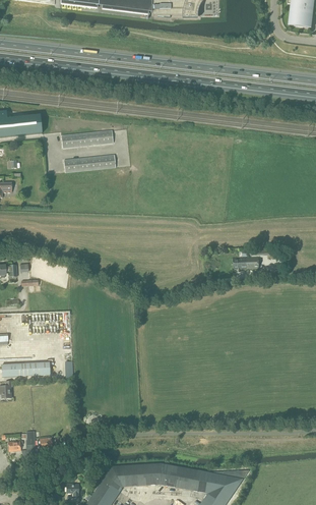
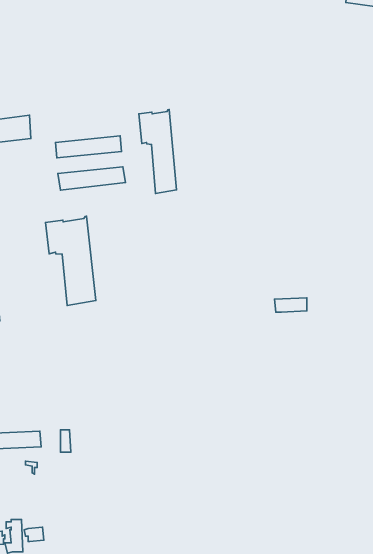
building: none -> [139,110,176,193]
building: none -> [45,216,96,305]

